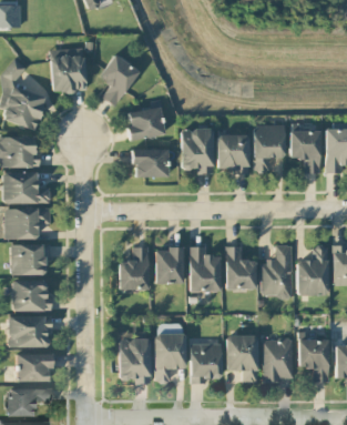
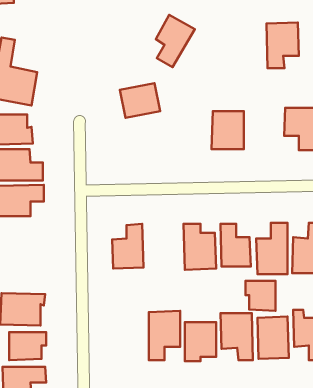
building: [51,48,88,92] -> none
building: [101,54,140,107] -> [156,15,195,67]
building: [253,124,285,170] -> [267,22,299,68]
building: [182,129,214,173] -> none
building: [132,149,169,178] -> none
building: [12,243,48,275] -> none
building: [155,249,184,284] -> none
building: [12,280,52,311] -> none
building: none -> [246,281,275,311]
building: [119,338,152,384] -> none

